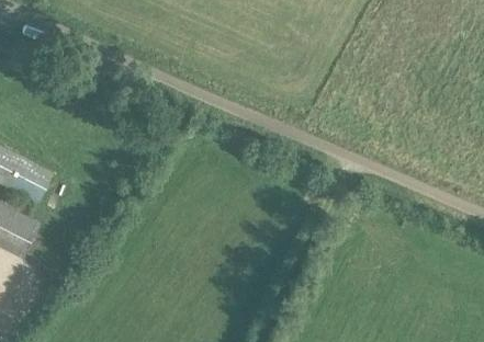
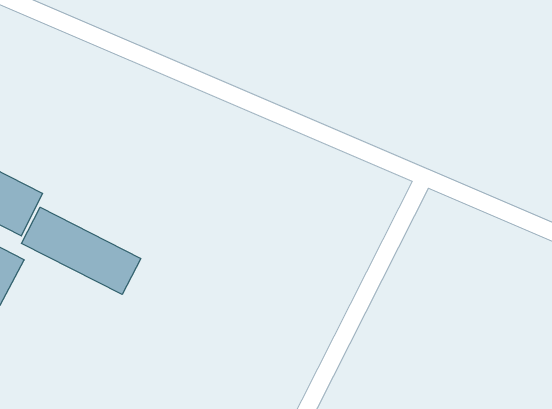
building: none -> [21,207,141,294]

